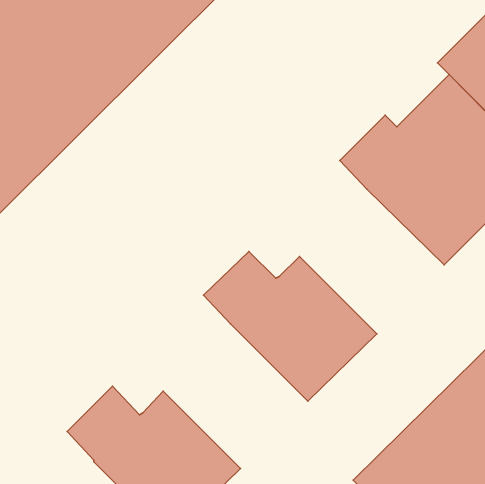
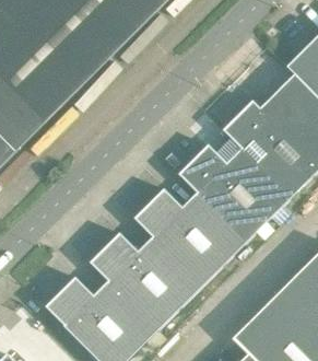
building: none -> [178,144,291,243]
building: none -> [90,233,202,330]

